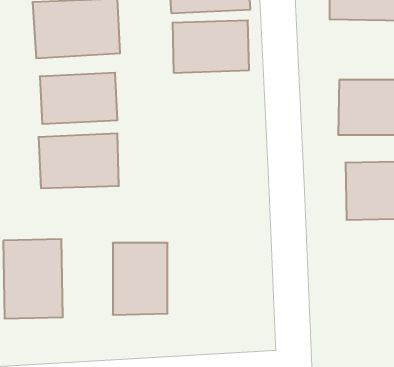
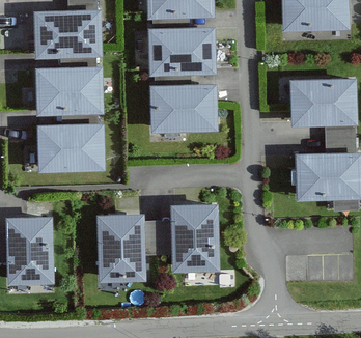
building: none -> [150,84,214,133]
building: none -> [170,203,220,273]

